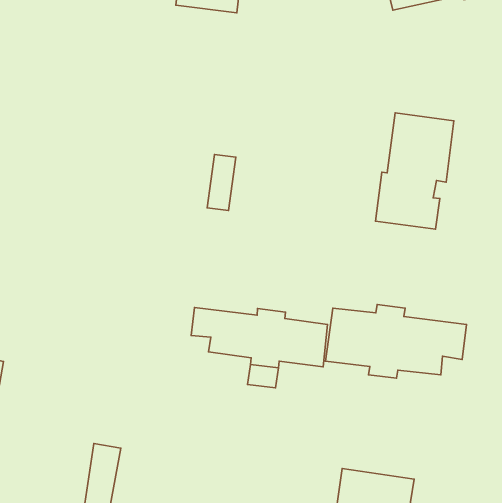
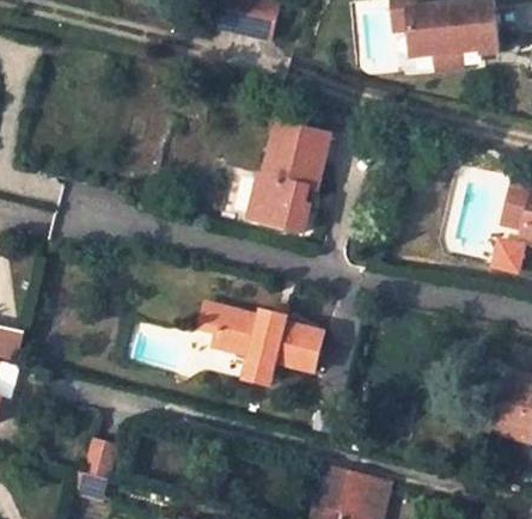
building: [376,113,454,229] -> [251,122,332,232]
building: [326,305,467,378] -> none

